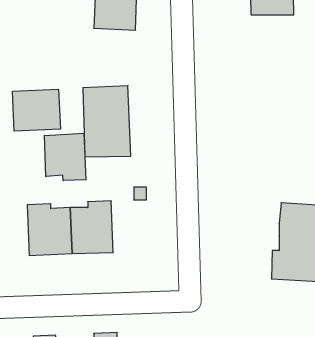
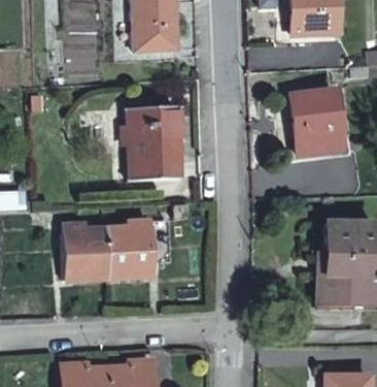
building: none -> [296,94,344,156]
building: [13,89,61,131] -> none
building: [44,133,86,181] -> none

